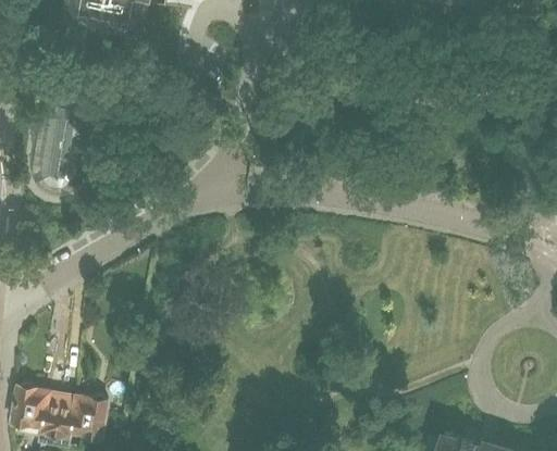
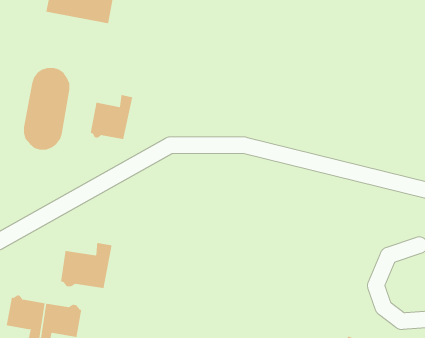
building: none -> [90,94,133,140]
building: none -> [60,242,112,289]

